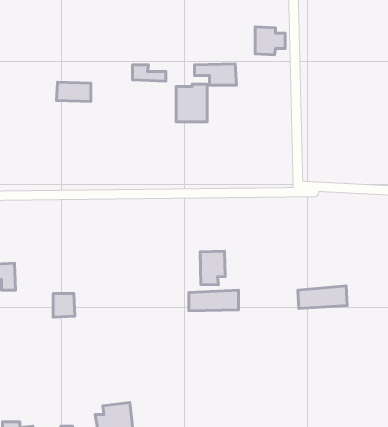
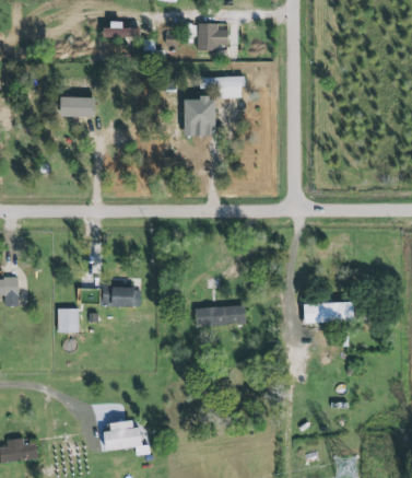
building: [255,27,285,55] -> [199,23,229,51]
building: [132,65,166,81] -> [106,21,140,37]
building: [200,251,225,285] -> none
building: none -> [102,285,142,306]

